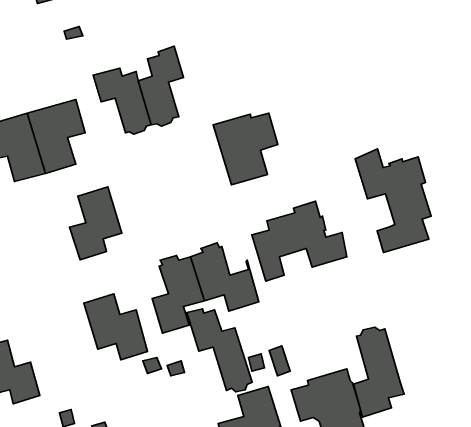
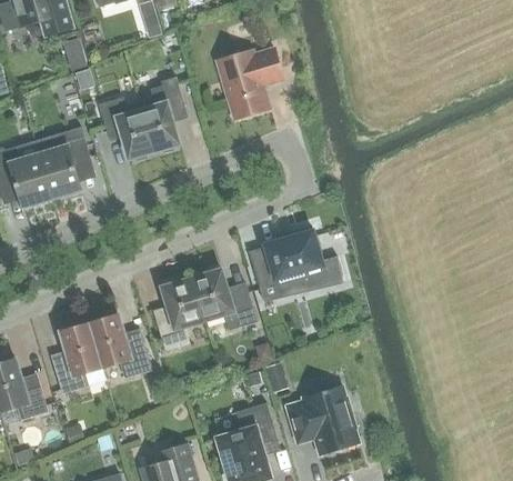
building: [213,113,278,185] -> [217,50,279,119]
building: [355,149,431,253] -> none
building: [70,187,122,260] -> [52,323,102,393]
building: [187,309,252,392] -> none
building: [353,327,404,417] -> none

